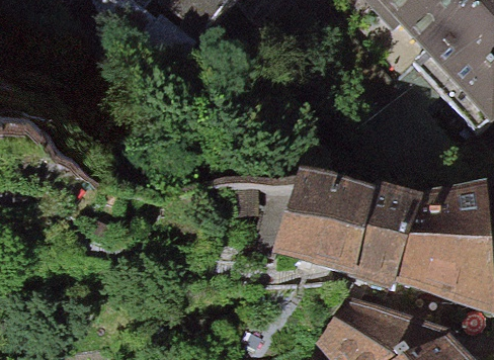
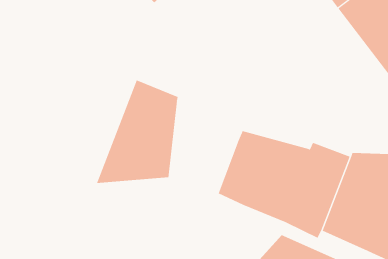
building: none -> [96,80,178,184]

